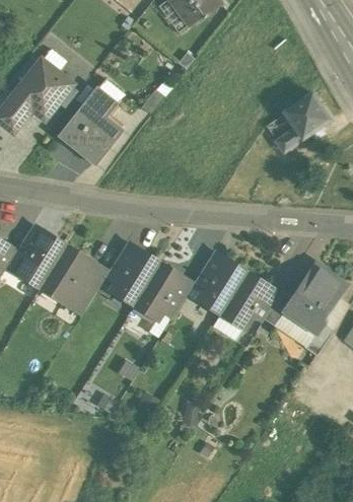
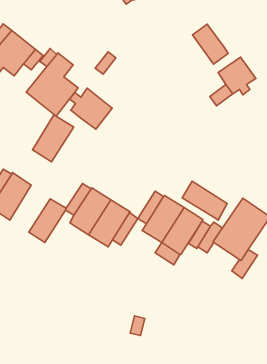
building: none -> [192,24,228,64]
building: none -> [69,88,112,129]
building: none -> [182,181,227,220]
building: [40,245,88,301] -> [33,115,74,162]

